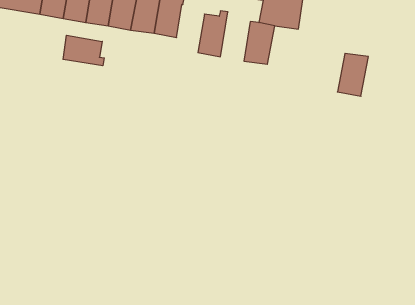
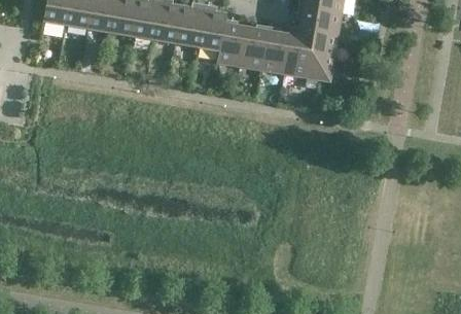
building: none -> [216,19,245,65]
building: none -> [260,26,289,73]
building: [63,35,104,66] -> none
building: [337,53,368,96] -> [306,39,335,80]

